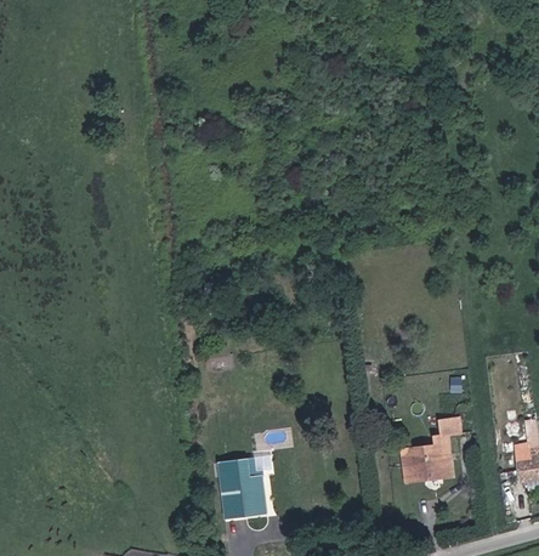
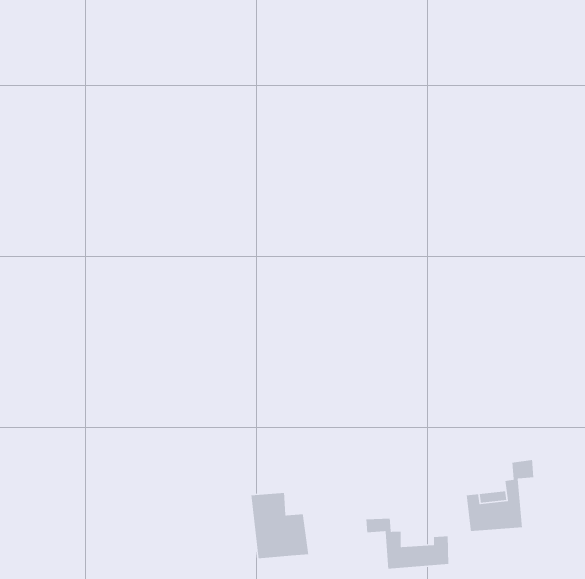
building: none -> [365,518,449,570]

